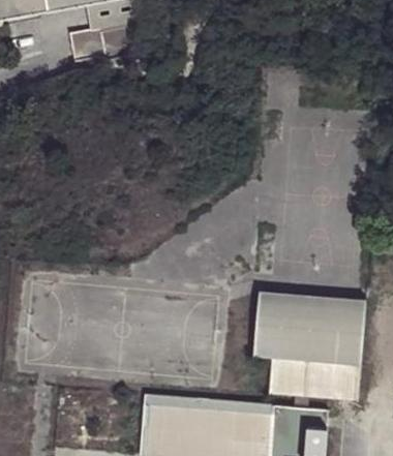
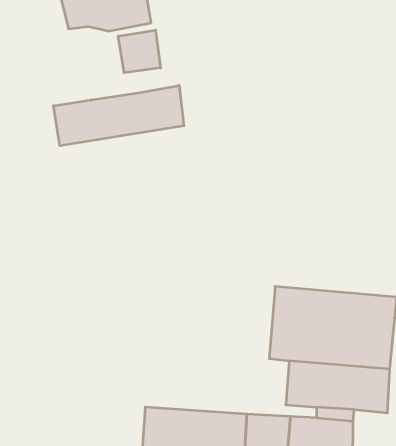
building: none -> [118,30,161,73]
building: none -> [53,85,184,146]

